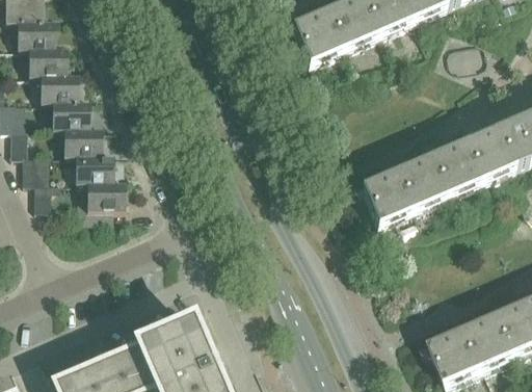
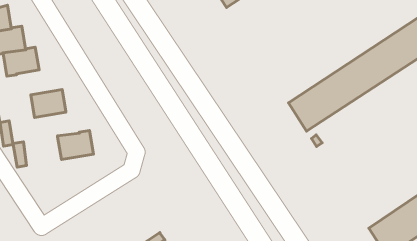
building: [52,97,90,125] -> none
building: [76,150,113,178] -> none

